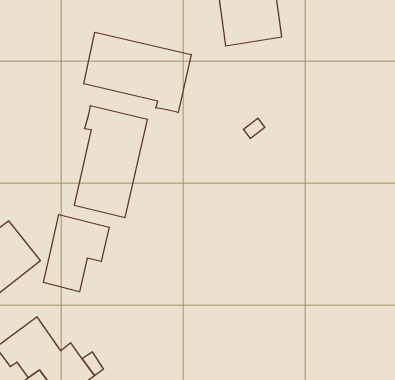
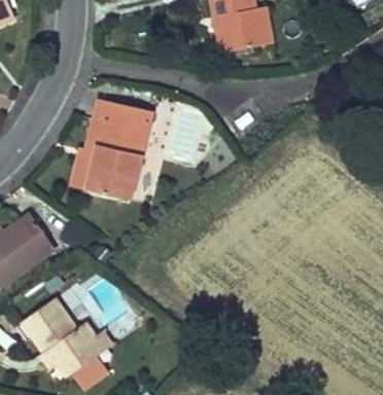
building: [84,32,191,113] -> none
building: [43,214,109,292] -> none

